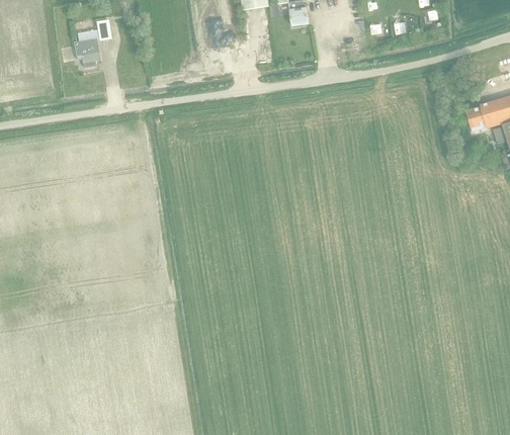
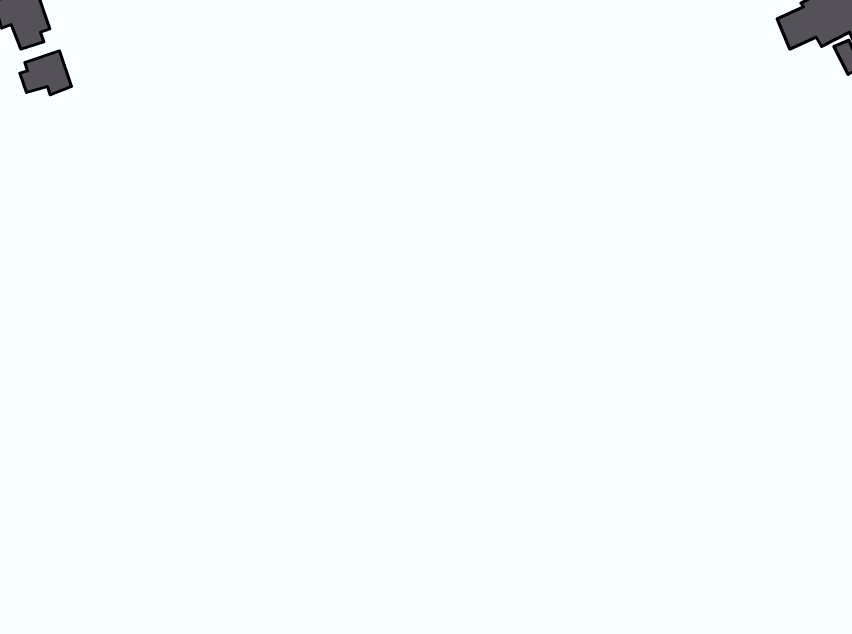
building: none -> [20,51,72,95]

